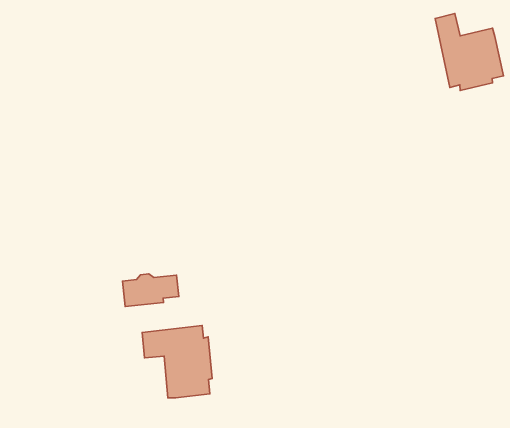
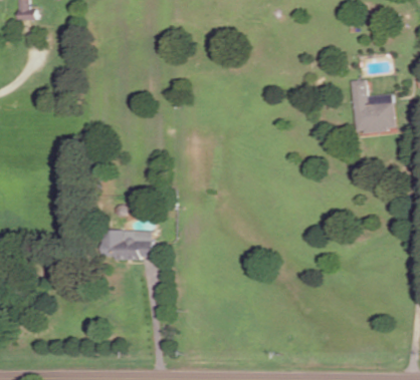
building: [142,325,212,398] -> none

